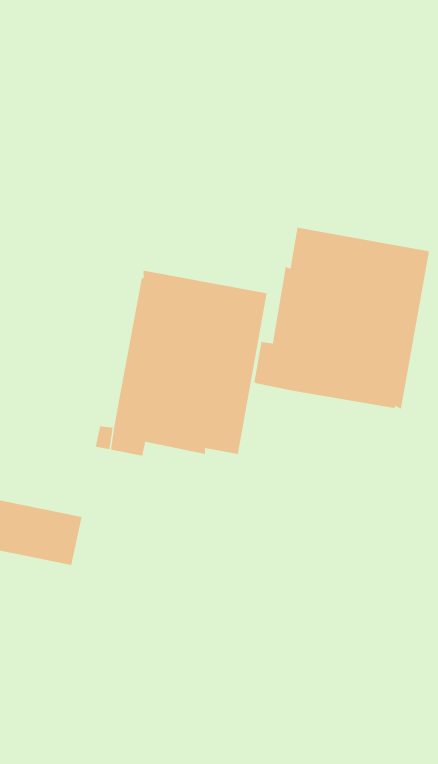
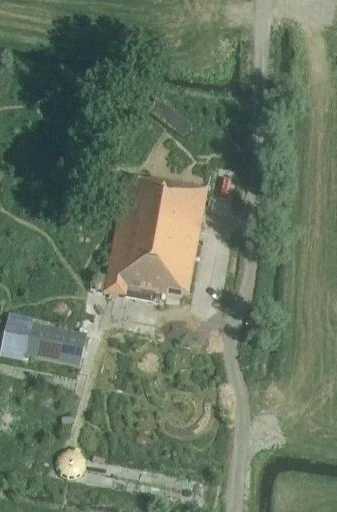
building: [253,227,430,410] -> none

